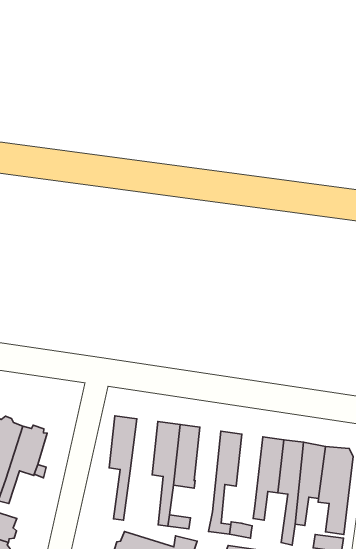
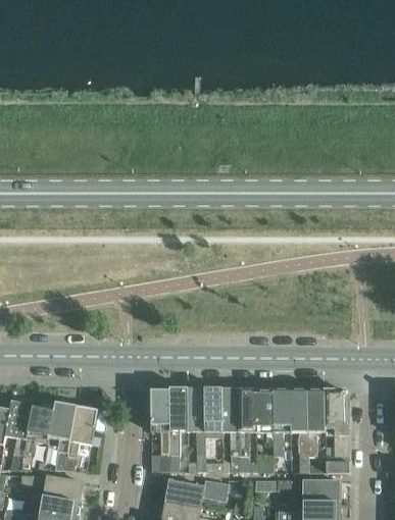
building: none -> [168,388,187,472]
building: none -> [220,388,240,472]
building: none -> [255,389,274,447]

